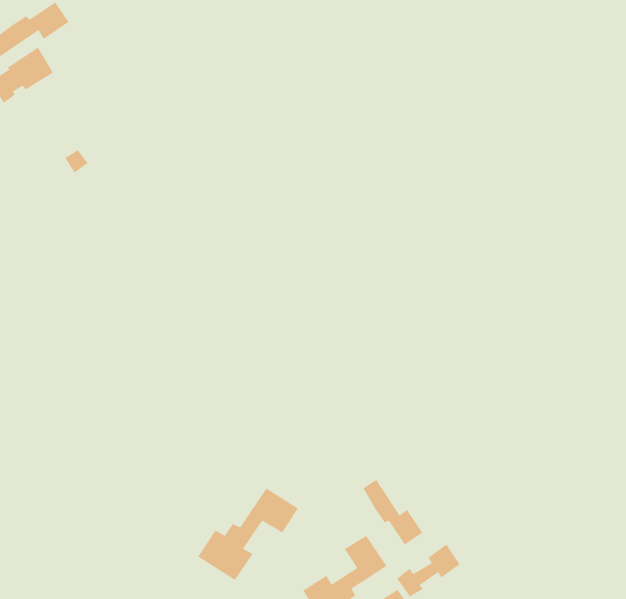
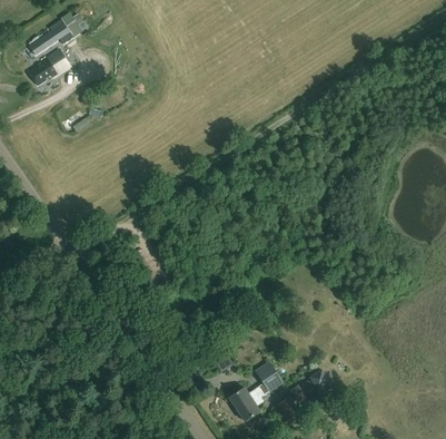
building: [362,479,423,546] -> none
building: [197,488,299,581] -> none

